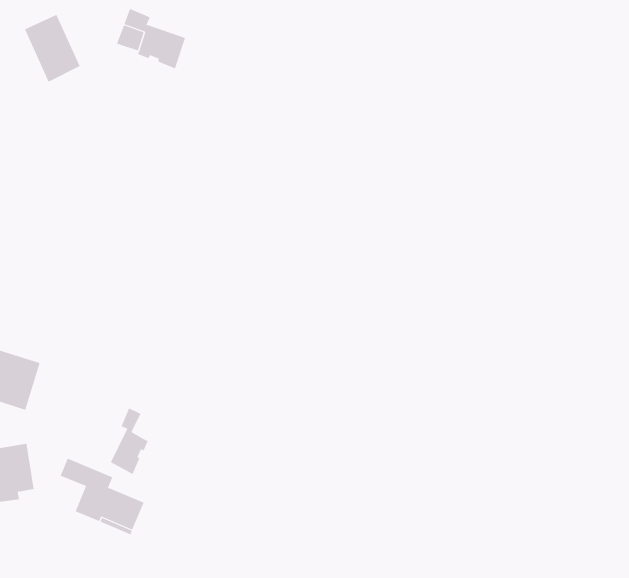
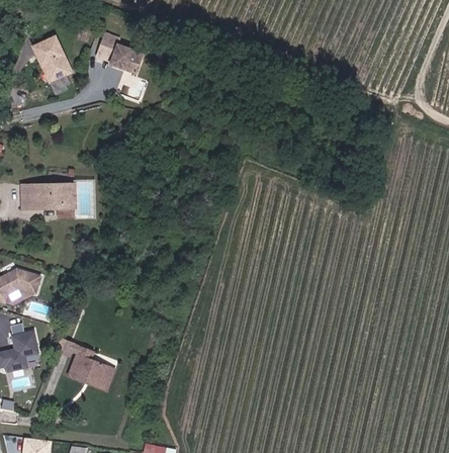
building: none -> [20,182,78,218]
building: [110,408,149,475] -> none

